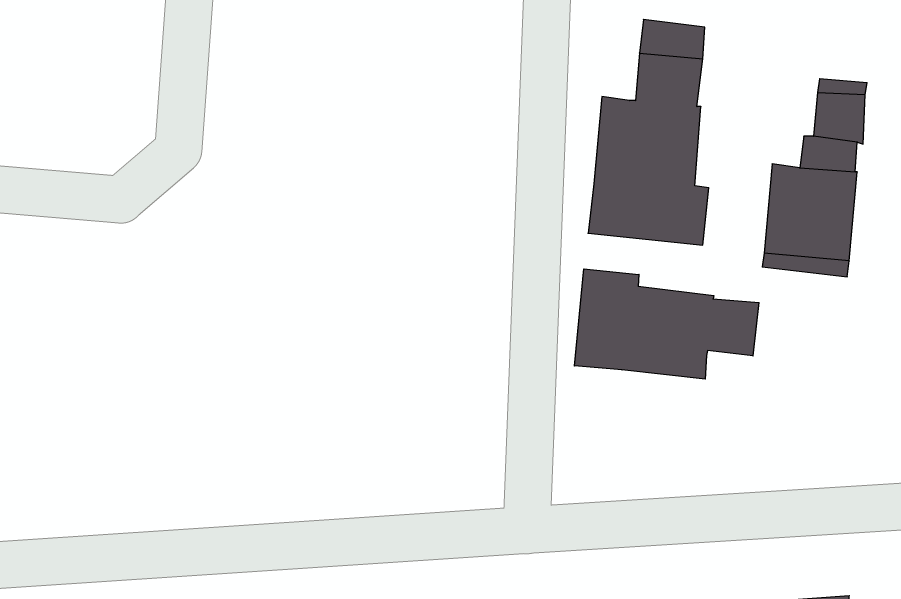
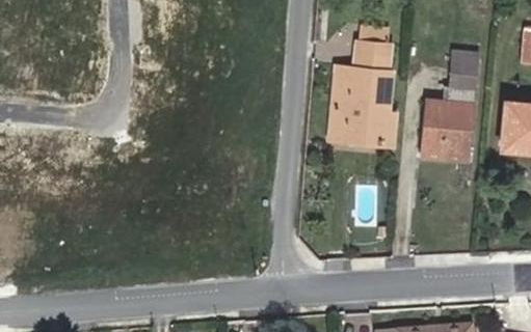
building: [574,269,759,379] -> none

